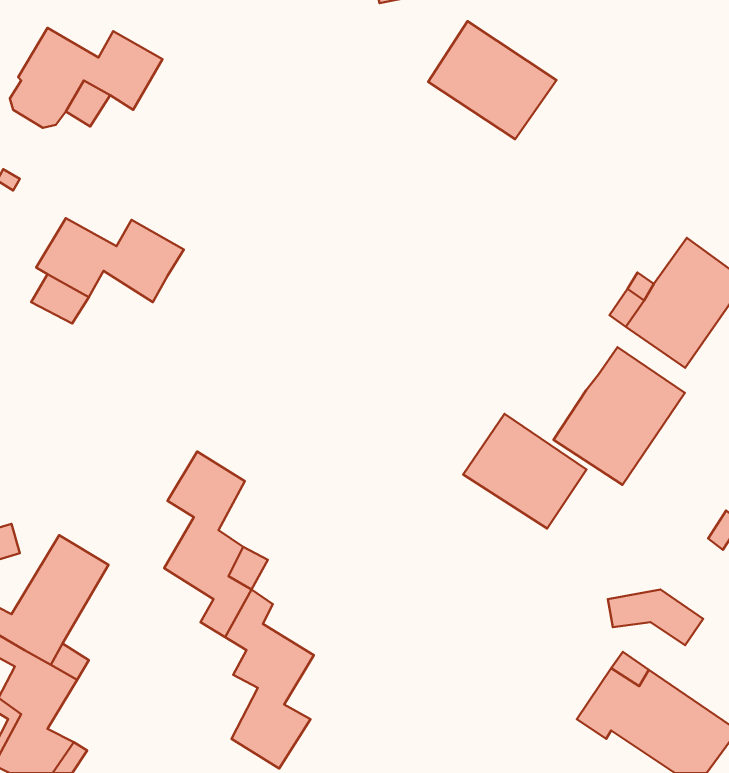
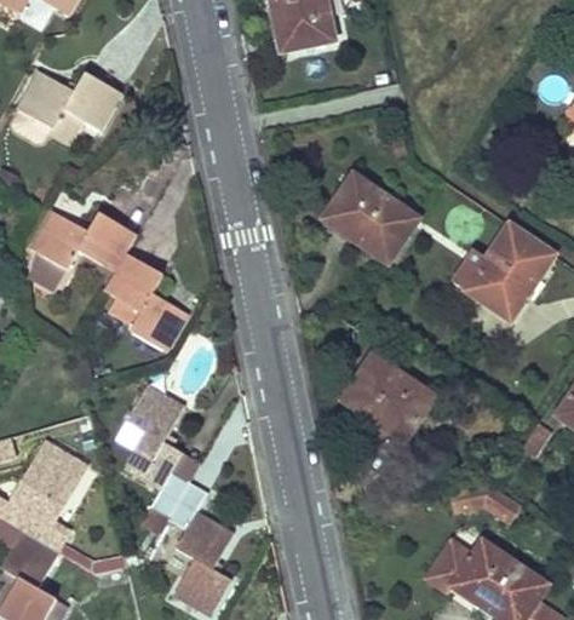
building: [428,21,556,139] -> [323,174,418,262]
building: none -> [104,252,188,350]
building: [554,347,685,485] -> none

